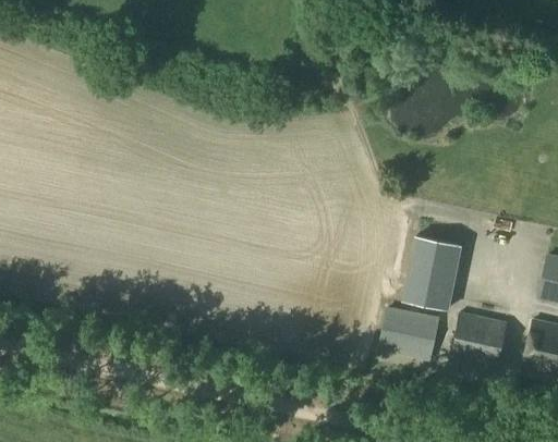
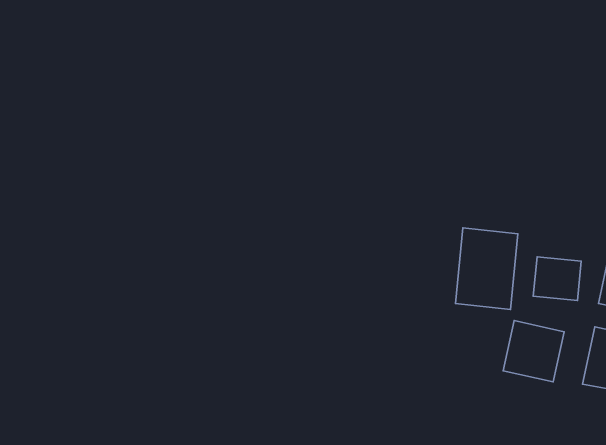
building: none -> [533,257,581,300]
building: [378,306,438,360] -> none

